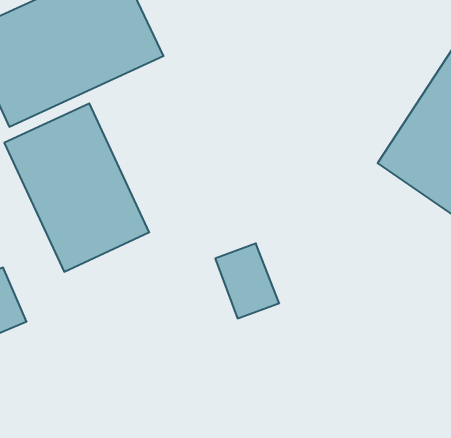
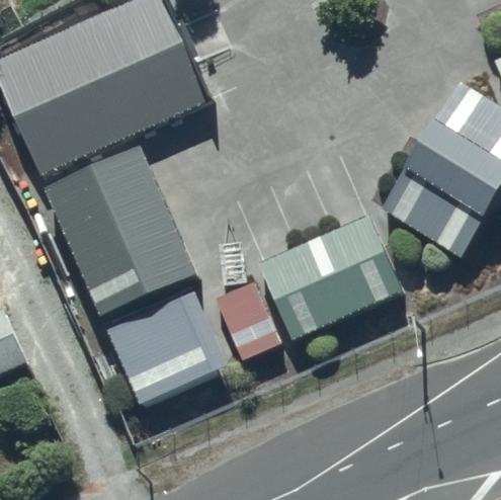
building: none -> [279,211,421,332]
building: none -> [126,289,235,397]

